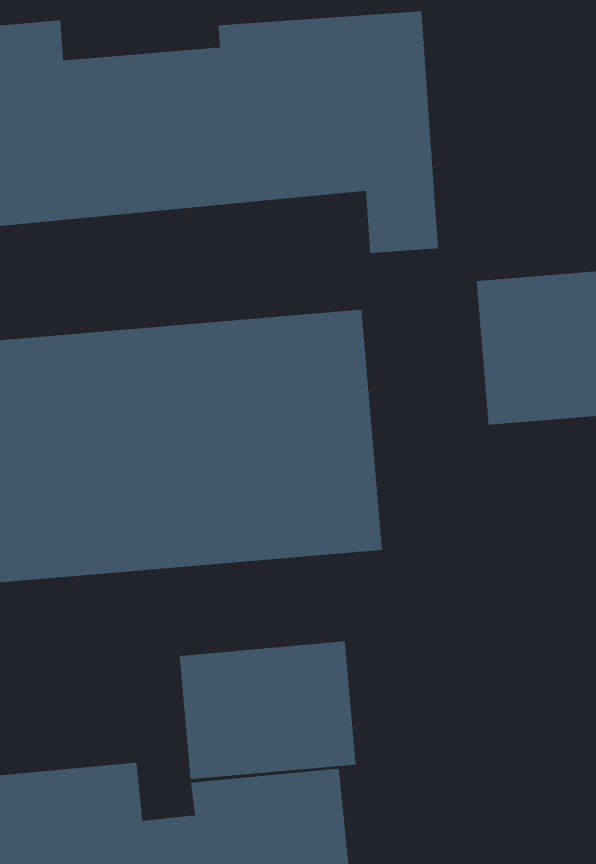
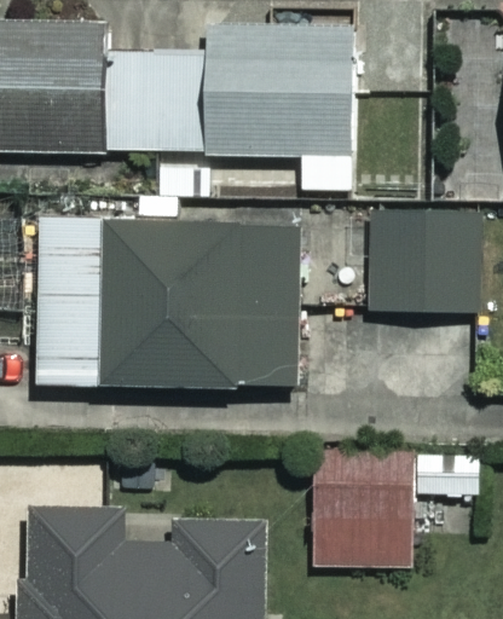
building: none -> [316,444,415,573]
building: [179,641,356,780] -> none

